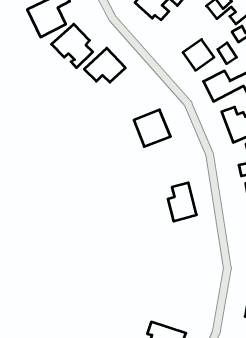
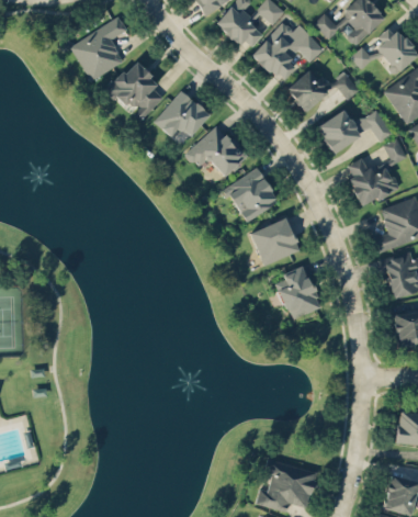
building: none -> [253,22,325,81]
building: none -> [187,124,248,177]
building: none -> [250,217,301,265]

